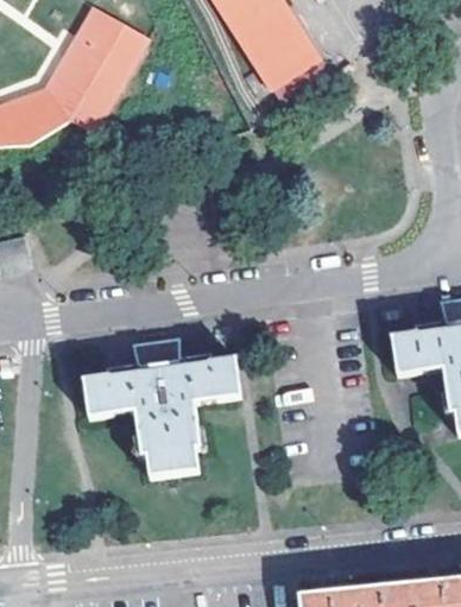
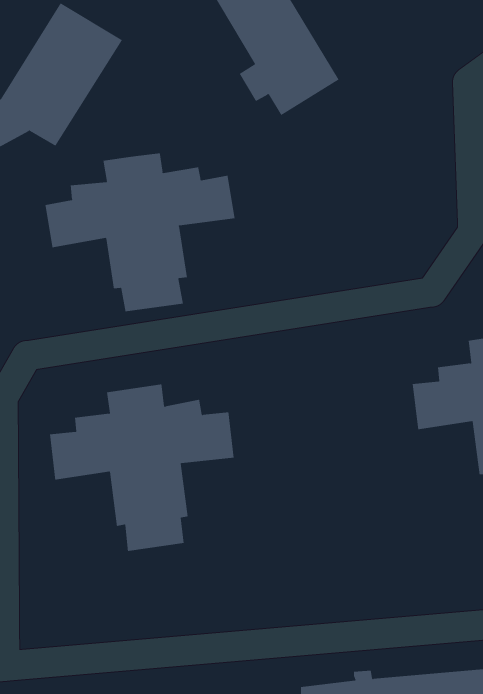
building: none -> [45,152,235,312]

